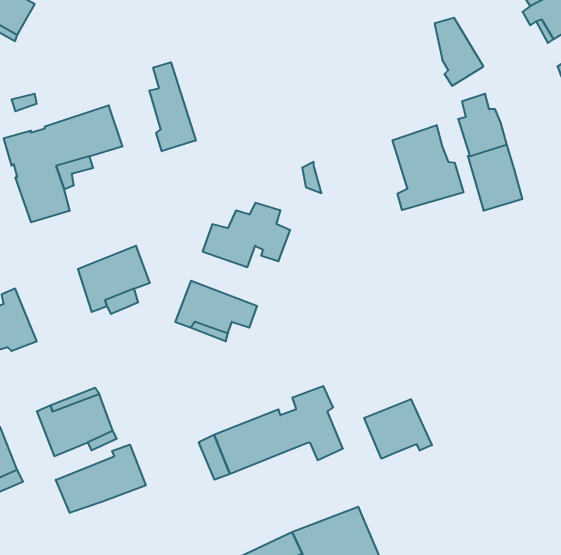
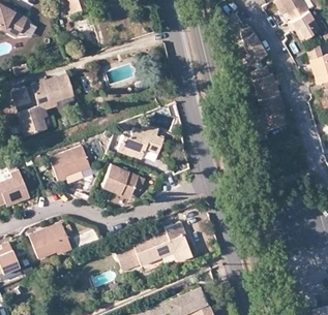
building: [149,62,196,151] -> none
building: [393,125,464,210] -> none
building: [364,399,432,459] -> none
building: [56,445,146,513] -> none

